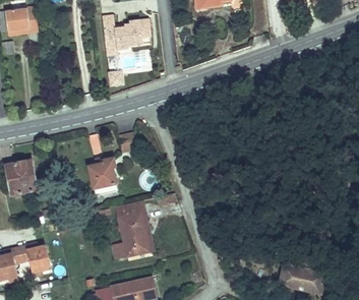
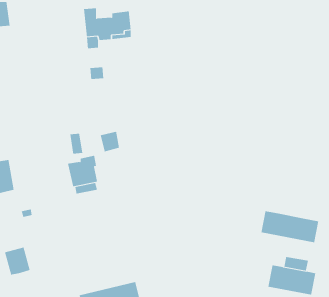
building: [112,201,147,260] -> none
building: none -> [261,211,319,243]

